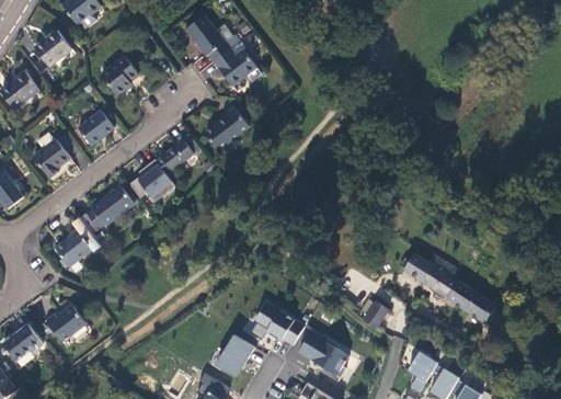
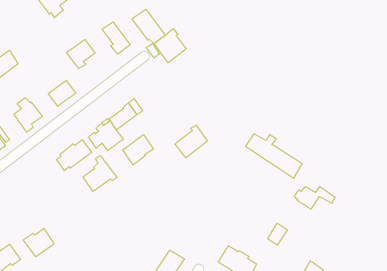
building: [34,33,70,68] -> none
building: none -> [102,22,130,54]
building: [206,111,249,153] -> [175,125,207,158]
building: none -> [123,135,154,165]
building: [56,221,101,269] -> [83,156,117,191]
building: [421,265,495,323] -> [245,134,302,178]
building: [251,300,306,344] -> none

